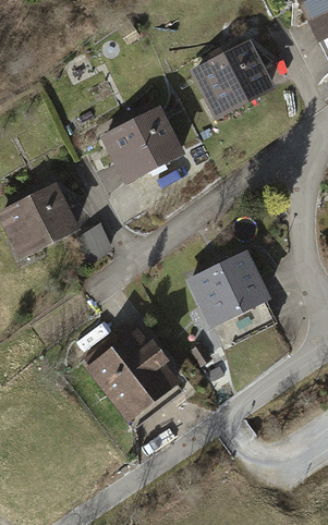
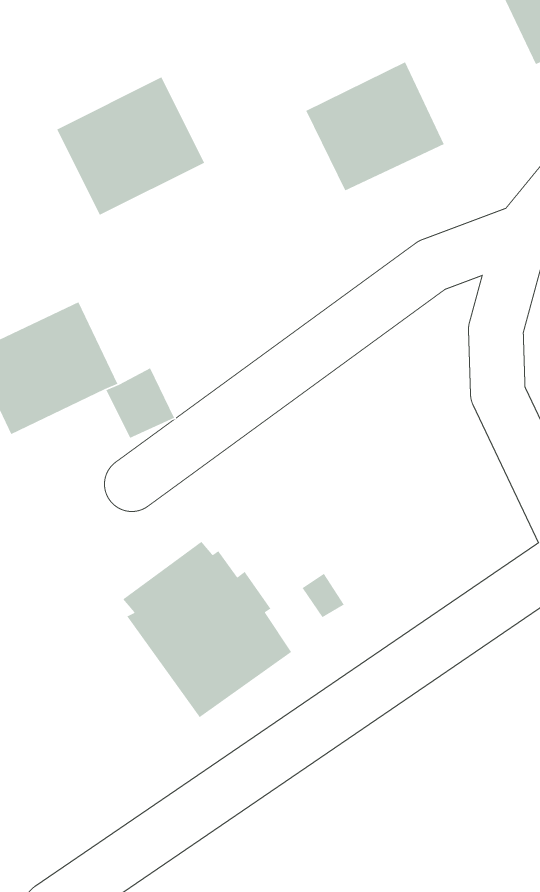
building: [100,105,186,185] -> [56,76,205,216]
building: [189,252,270,326] -> none

